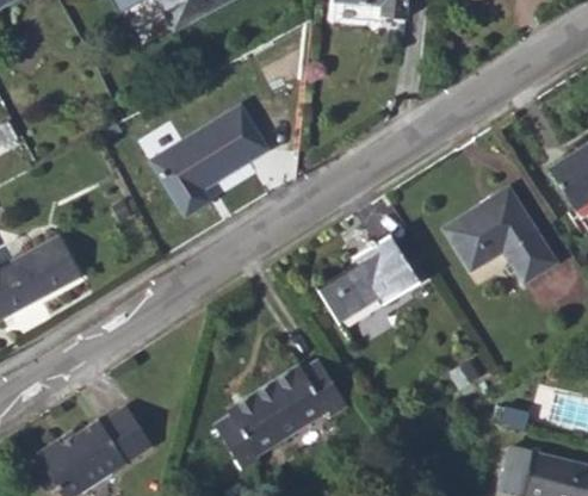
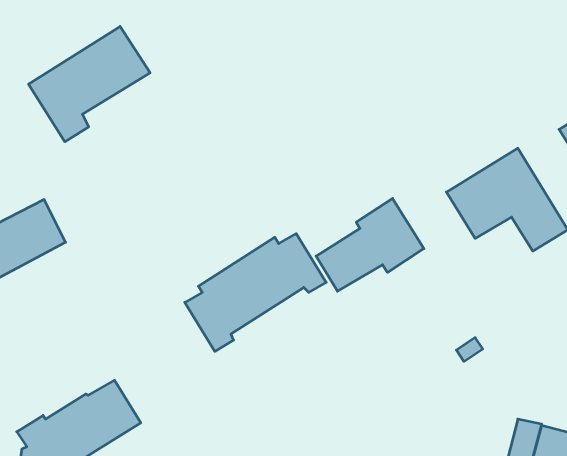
building: [151,105,267,215] -> [29,26,150,142]
building: [213,360,348,472] -> [185,234,326,351]

